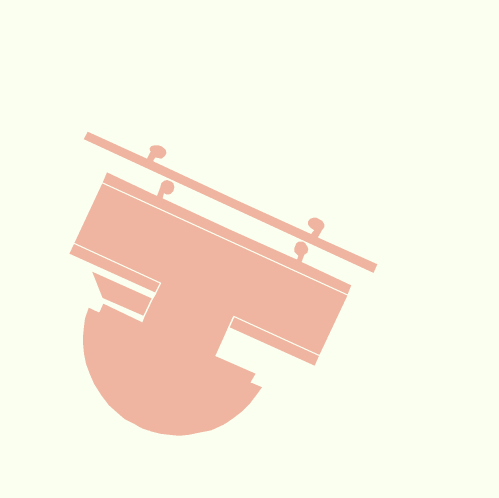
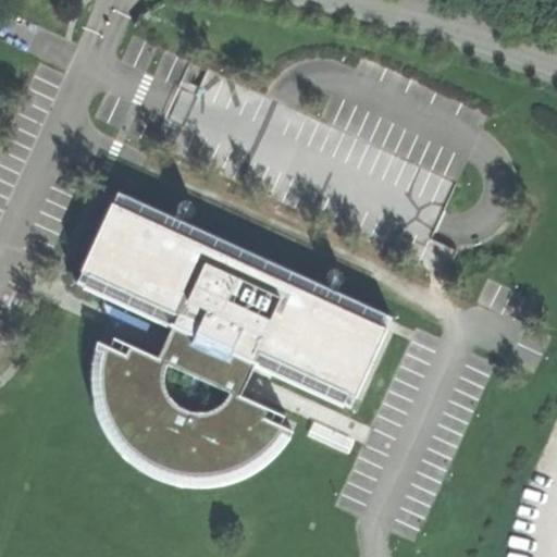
building: [83,131,378,274] -> none

